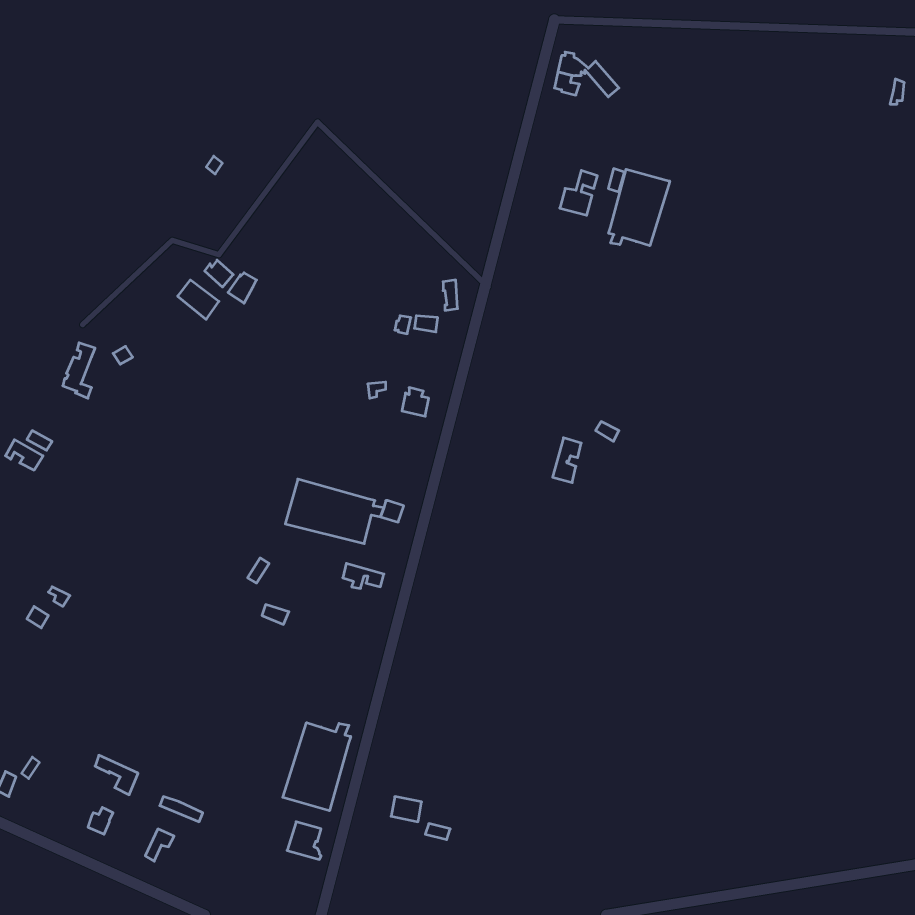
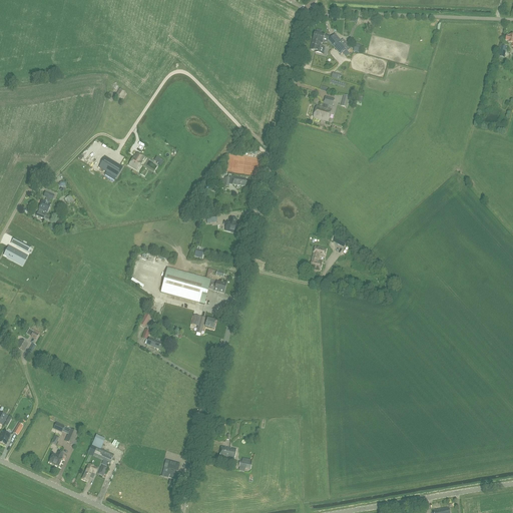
building: [609,169,670,246] -> none
building: [283,723,351,811] -> none

